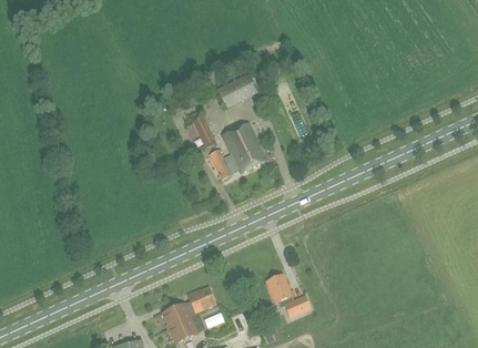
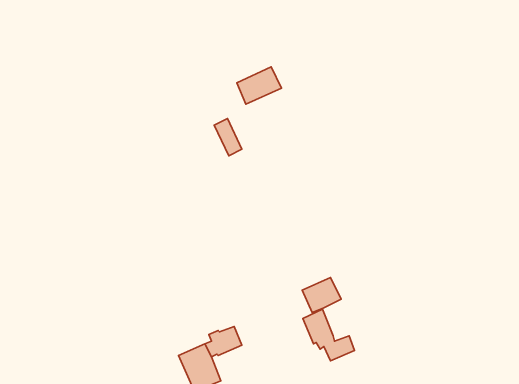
building: [209,121,266,178] -> none
building: none -> [302,278,341,313]

